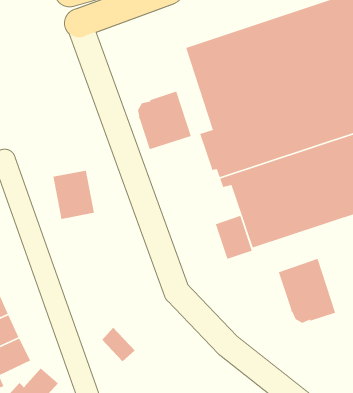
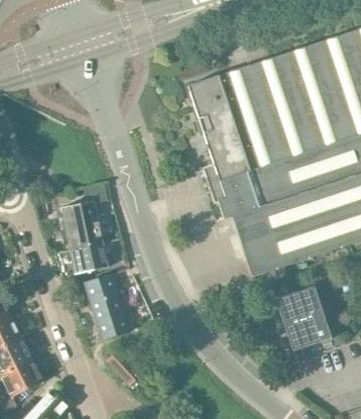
building: [137,91,192,150] -> none
building: none -> [71,243,108,276]
building: [215,215,253,260] -> none
building: none -> [87,276,128,339]

